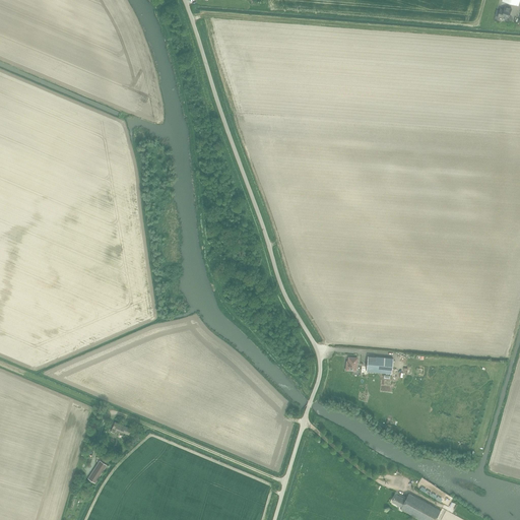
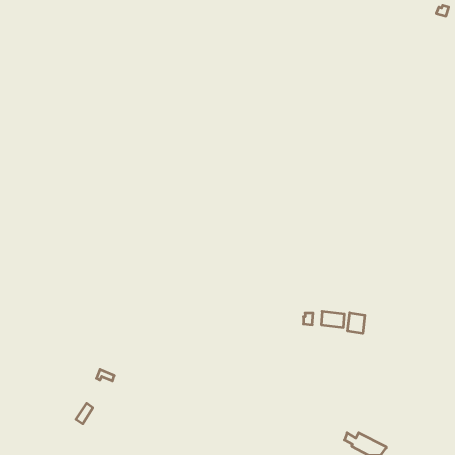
building: none -> [348,313,365,333]

